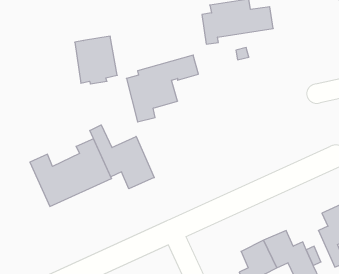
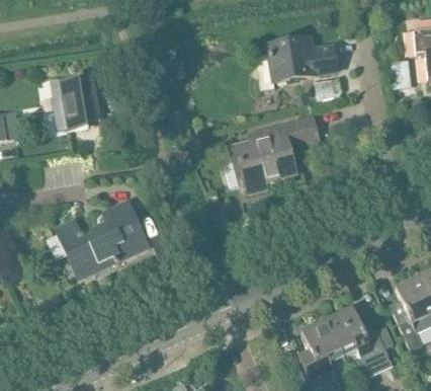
building: [75,36,117,84] -> [51,73,100,129]
building: [126,55,198,122] -> [234,115,318,193]
building: [90,125,154,189] -> none

